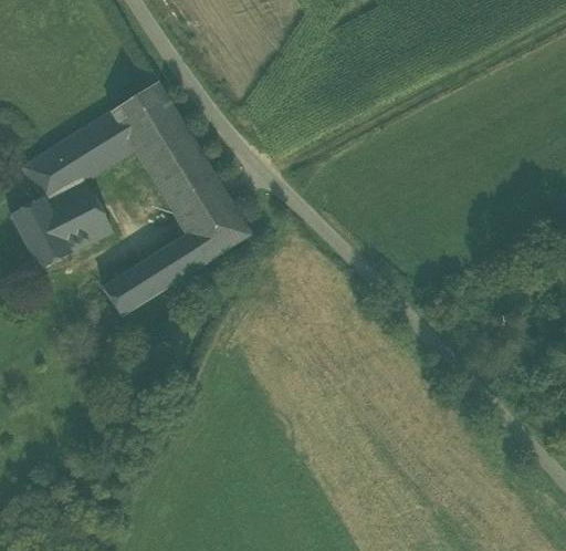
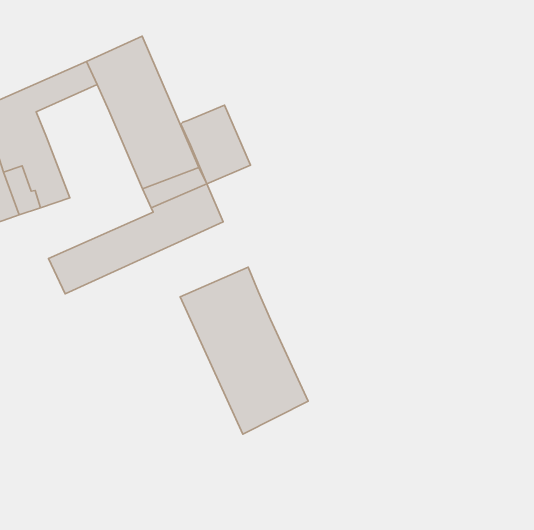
building: [74,129,137,181] -> none
building: none -> [181,105,250,184]
building: none -> [180,267,308,434]

